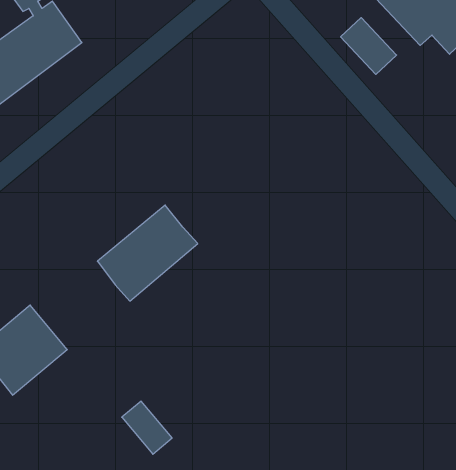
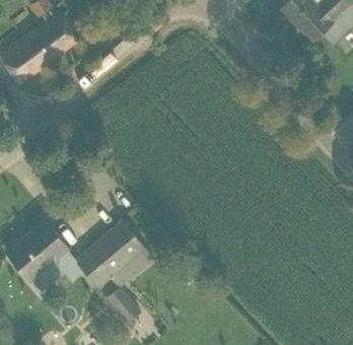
building: [341,18,397,74] -> none
building: [97,205,198,301] -> [75,222,144,288]

